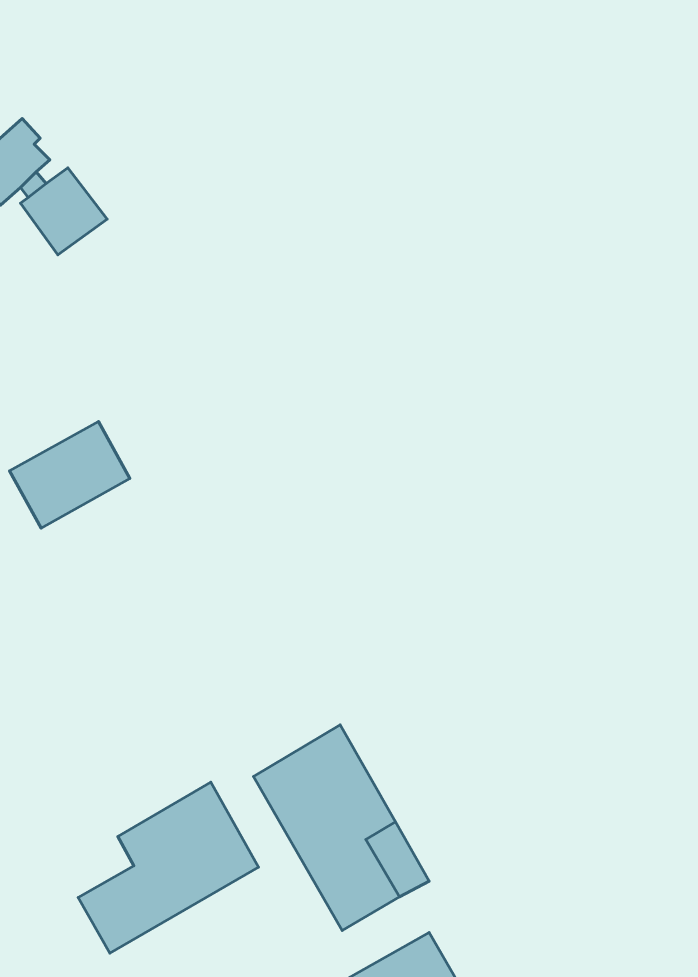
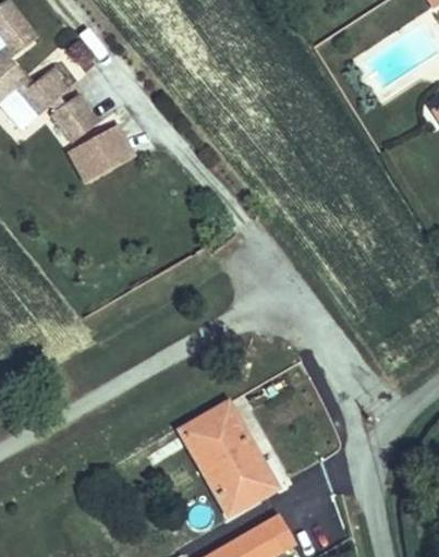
building: [10,421,130,528] -> [68,124,134,183]
building: [78,782,259,953] -> none

